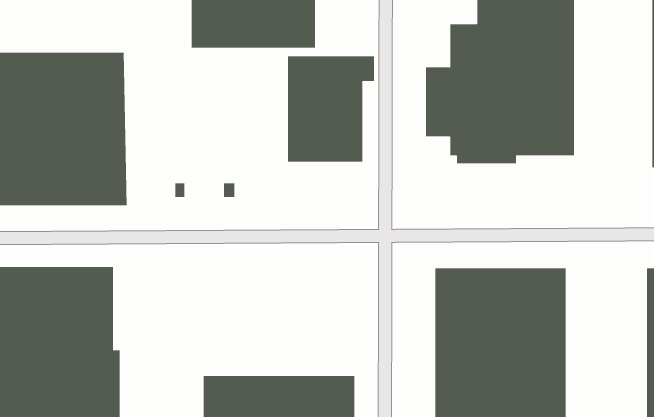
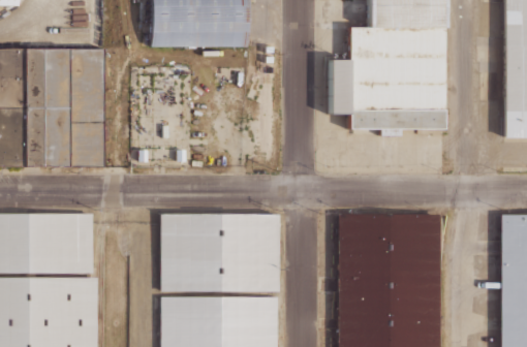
building: [287,55,375,162] -> none
building: none -> [160,214,279,291]

